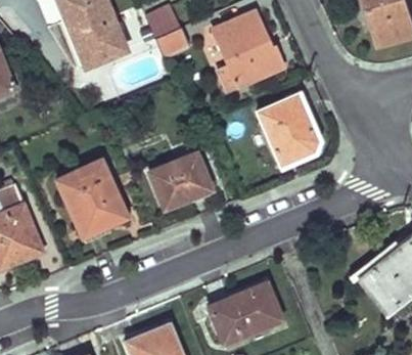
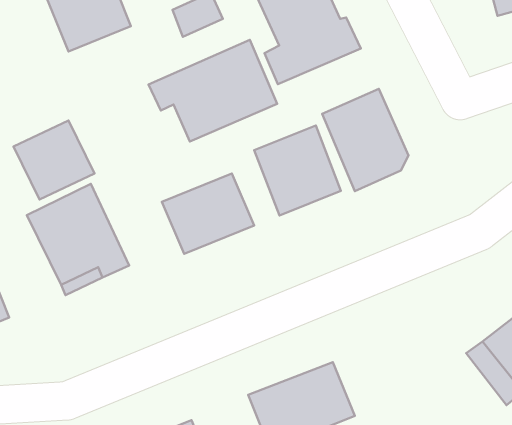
building: none -> [149,40,277,141]
building: none -> [14,121,94,199]
building: none -> [254,125,341,216]

